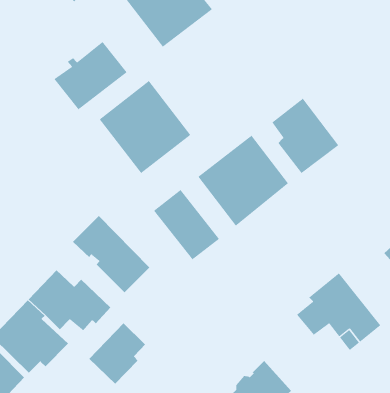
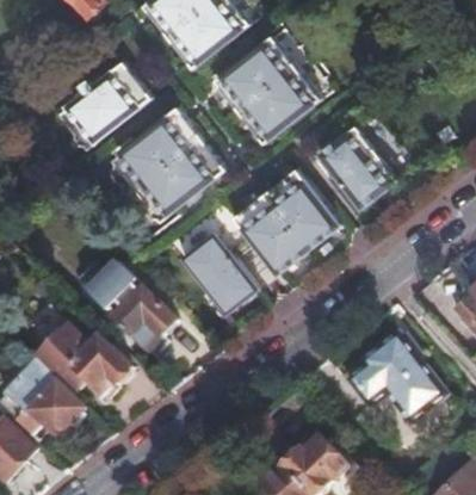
building: none -> [215,36,322,144]
building: [89,323,146,384] -> none

